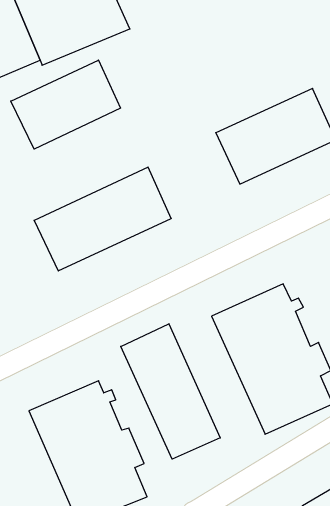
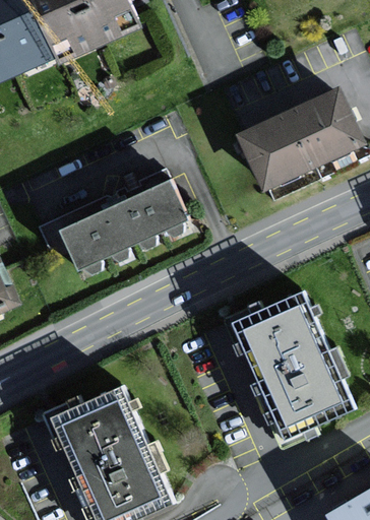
building: [11,60,120,149] -> none
building: [121,324,220,459] -> none

